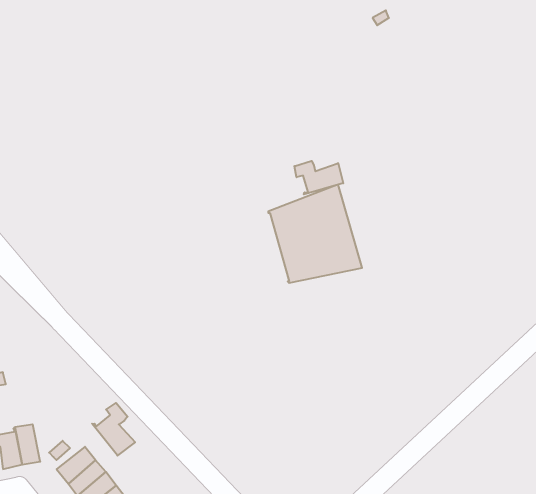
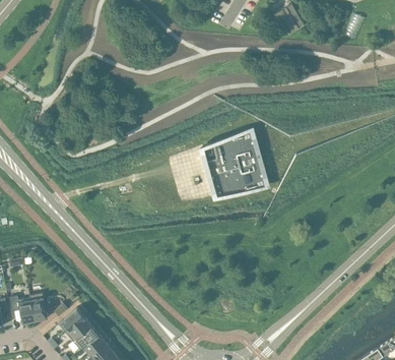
building: [294,161,343,194] -> none
building: [92,403,135,456] -> none

